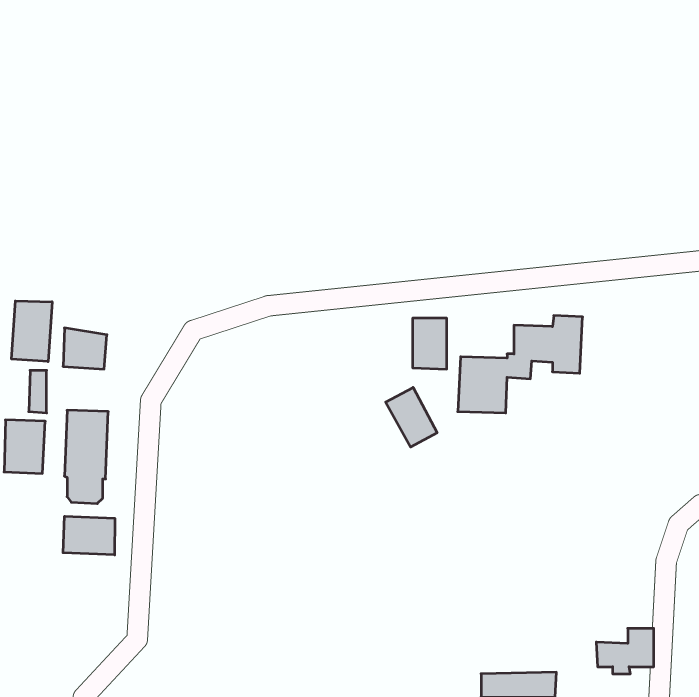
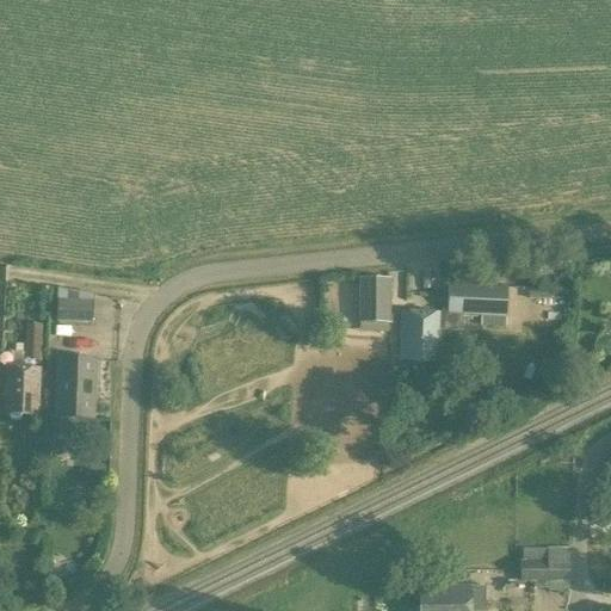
building: [12,301,52,362] -> none
building: [386,387,437,447] -> none
building: [63,516,115,555] -> none

